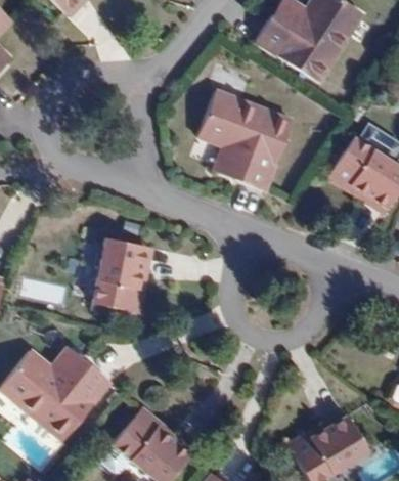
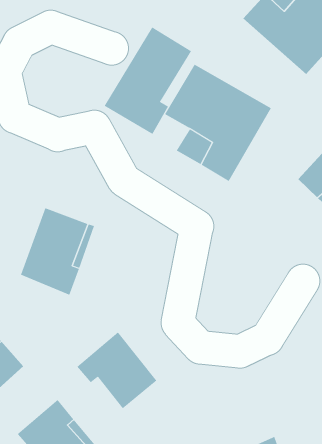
building: none -> [104,27,192,135]
building: none -> [76,332,157,409]

